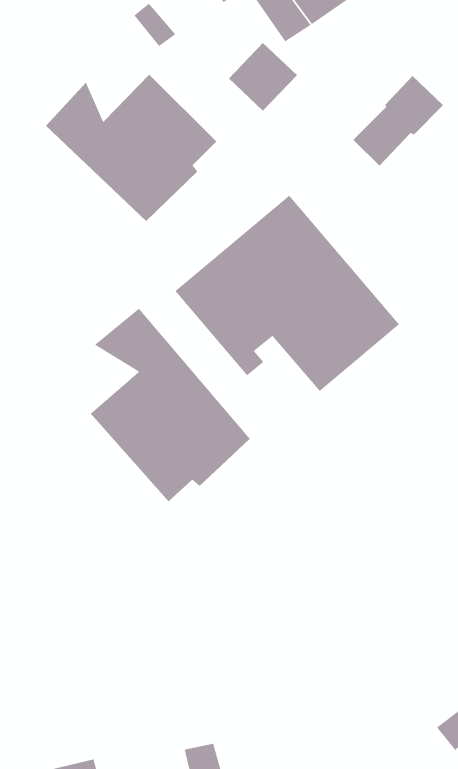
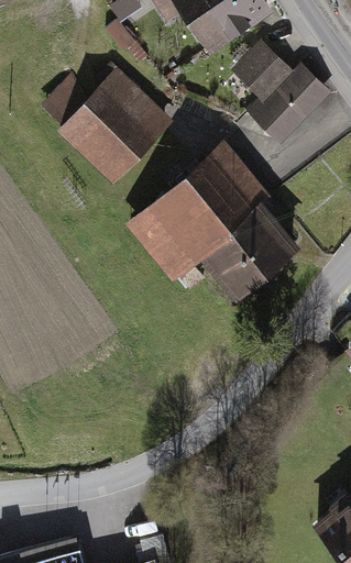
building: [228,42,298,111] -> [240,48,288,97]
building: [90,308,251,502] -> none

